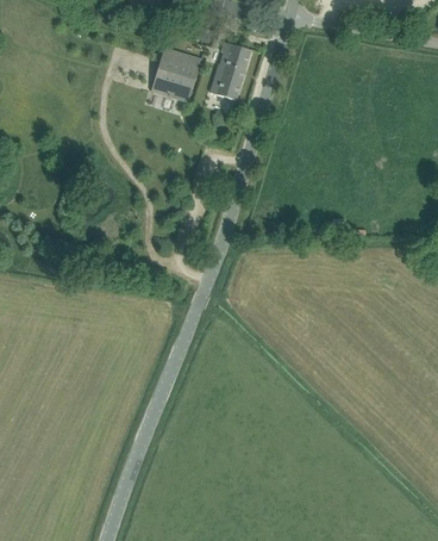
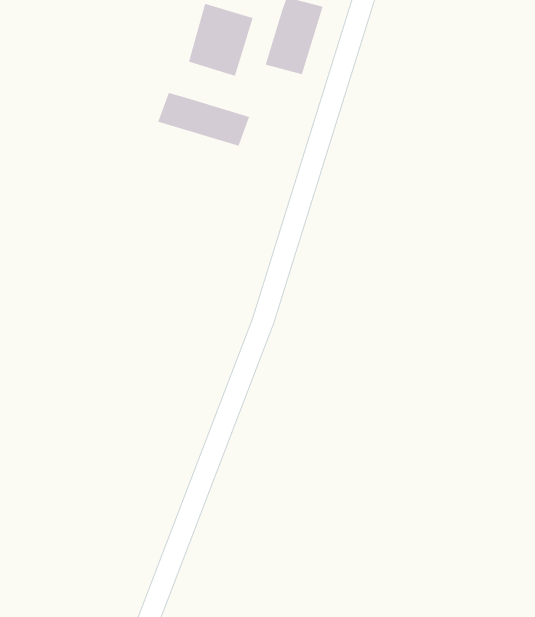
building: none -> [157,92,250,146]

